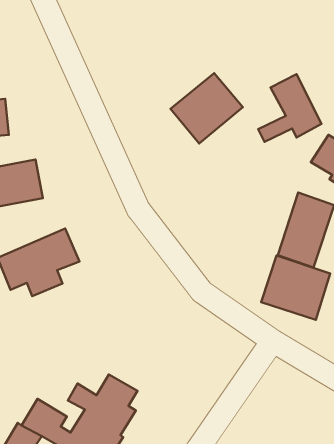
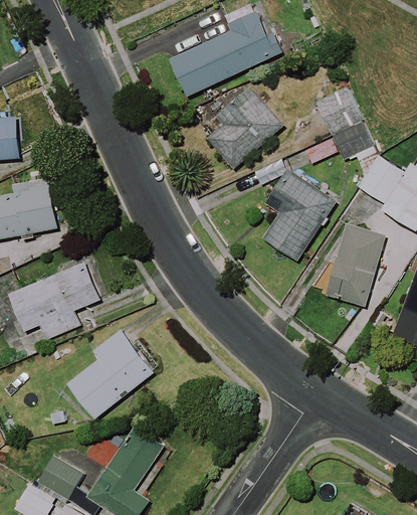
building: none -> [168,11,277,98]
building: none -> [263,168,337,260]
building: [261,256,330,320] -> none
building: none -> [67,329,154,418]

